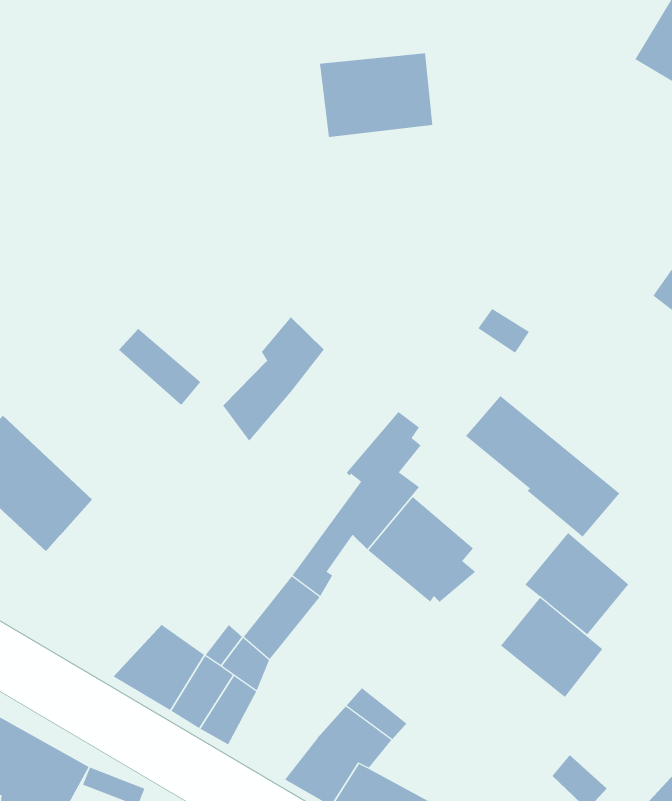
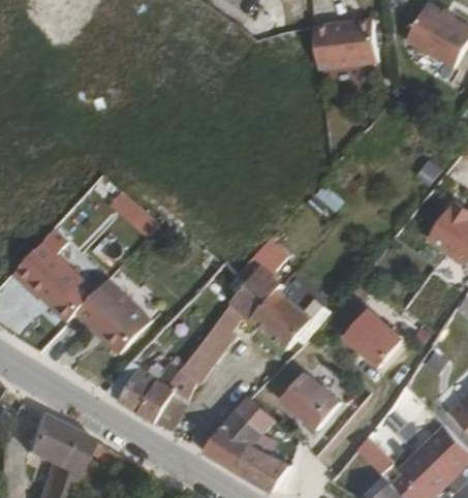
building: [319,53,433,138] -> [312,19,377,67]
building: [223,317,325,441] -> none
building: [465,395,620,537] -> none
building: none -> [75,278,148,350]
building: [500,597,603,698] -> [280,372,339,430]

